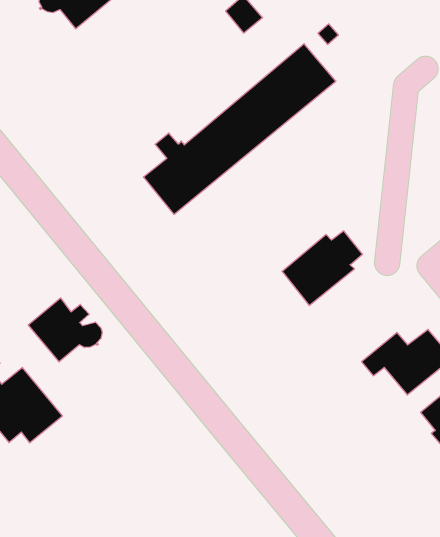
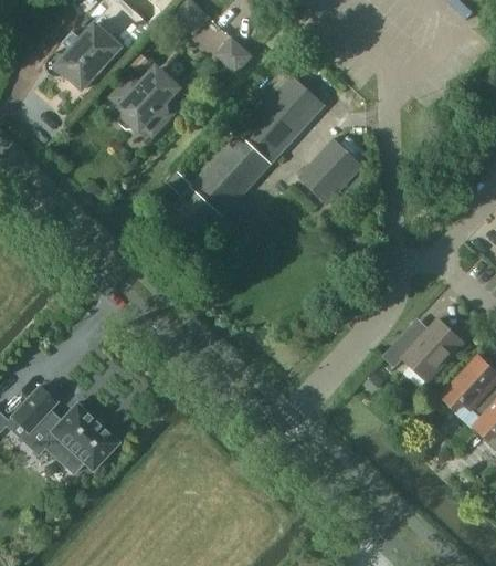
building: none -> [112,70,186,136]
building: [282,231,363,306] -> [298,133,369,205]
building: [28,298,102,362] -> none

